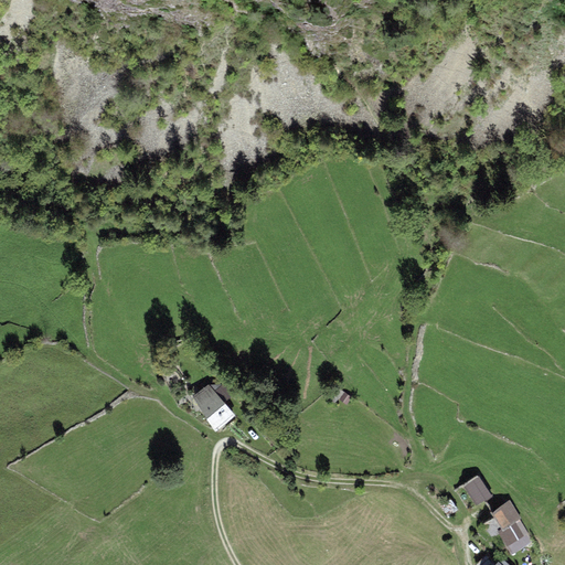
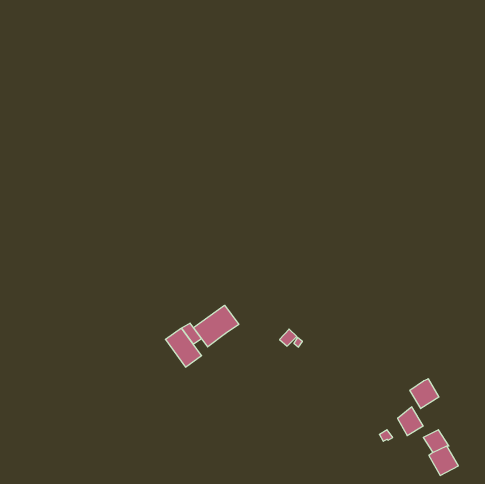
building: none -> [194,305,239,347]
building: none -> [410,379,439,409]

